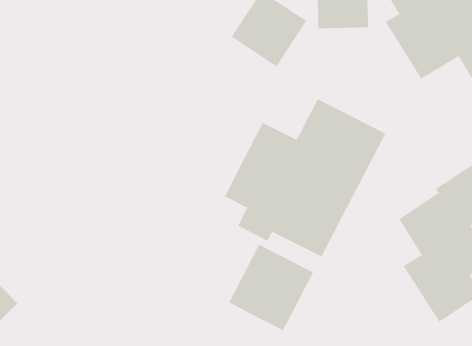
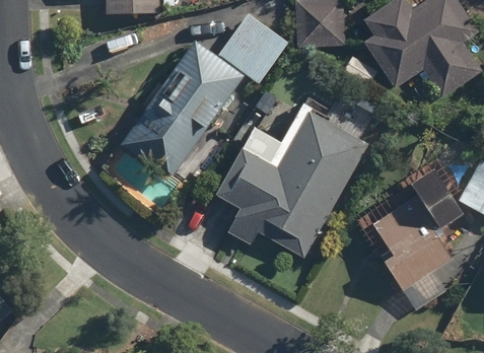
building: none -> [116,38,243,186]
building: [228,244,314,331] -> none

